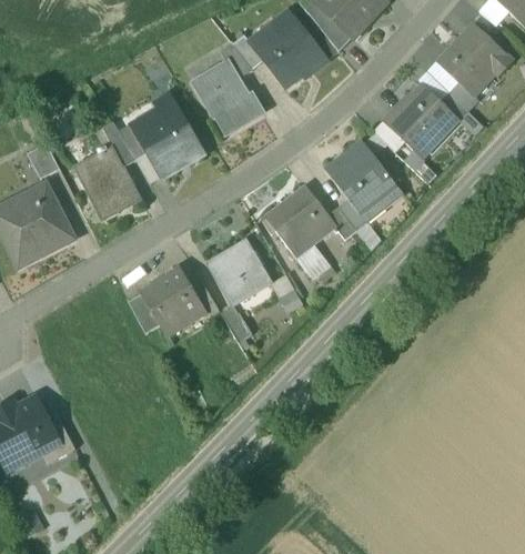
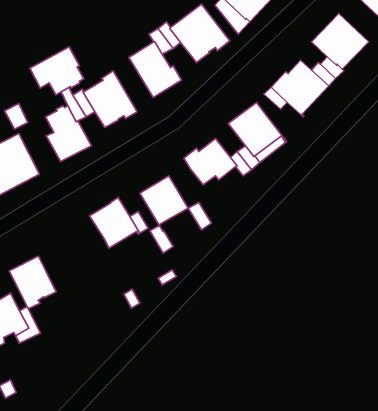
building: none -> [30,47,84,95]
building: [128,292,160,333] -> none
building: none -> [9,256,56,309]

